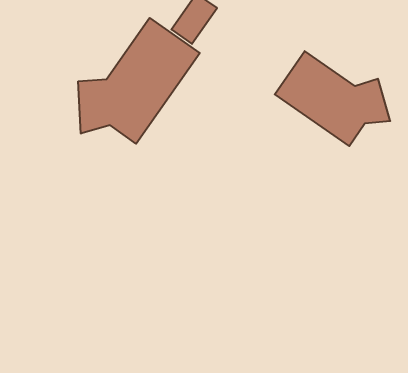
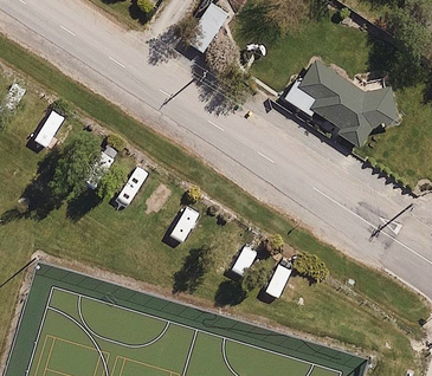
building: [78,18,200,144] -> none

